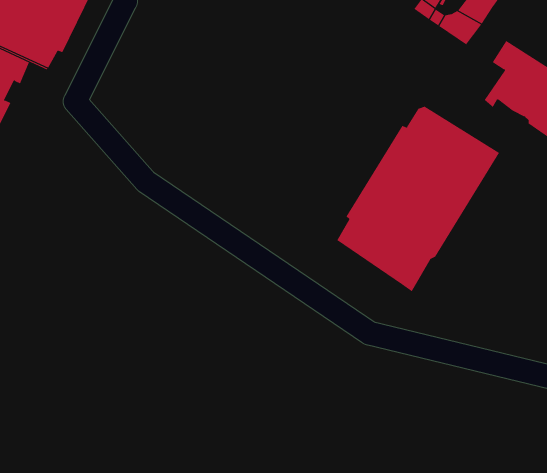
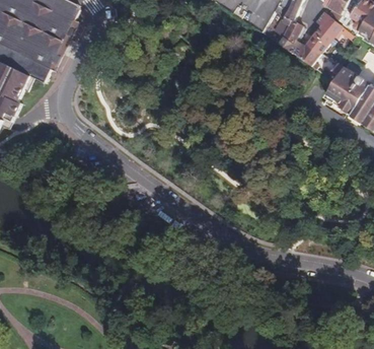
building: [336,106,500,292] -> none

